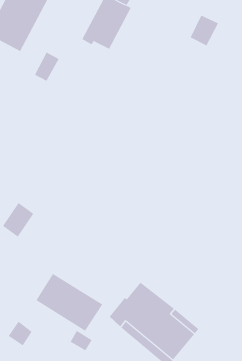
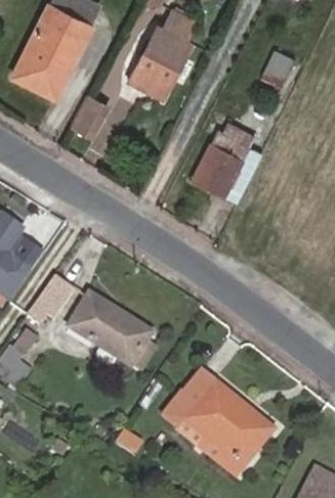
building: none -> [196,121,259,198]
building: [35,273,103,331] -> [69,293,151,364]

